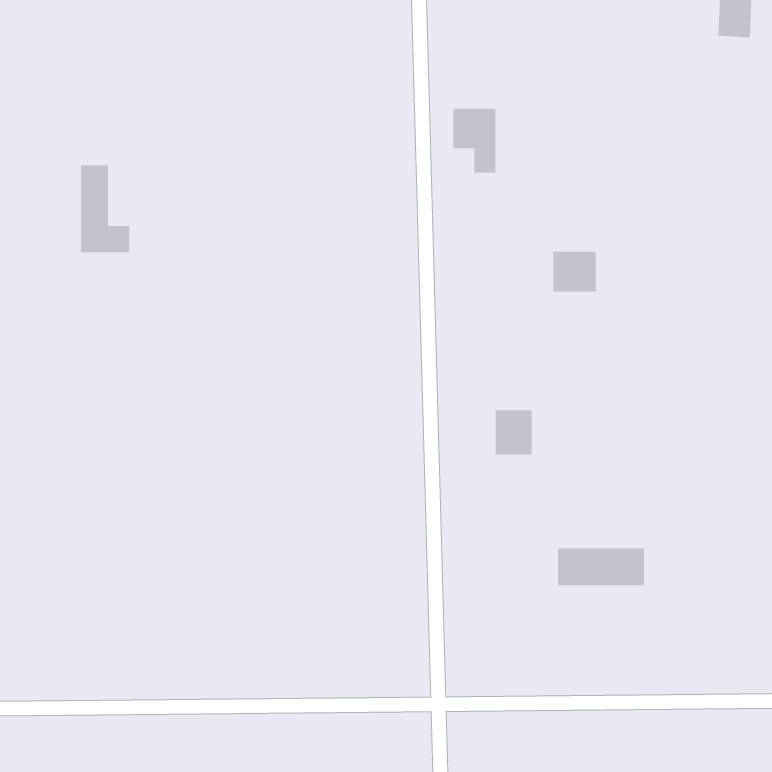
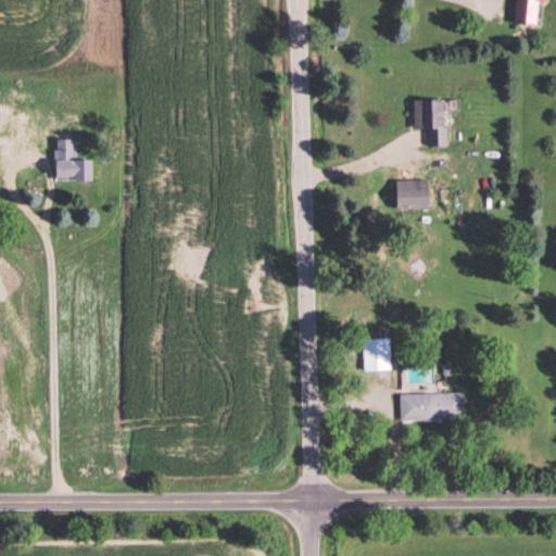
building: [452,108,496,173] -> [414,101,445,148]
building: [495,410,533,455] -> [363,339,390,371]

